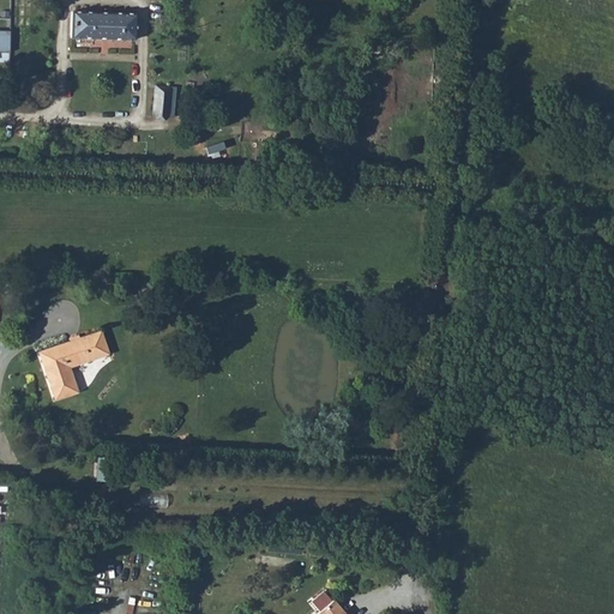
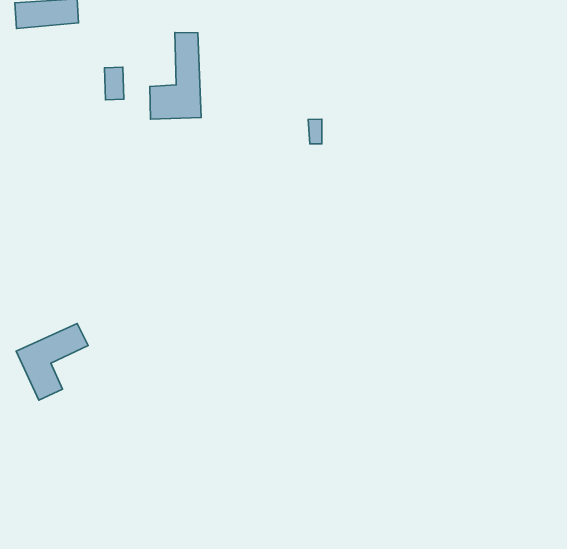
building: none -> [150,33,201,119]

